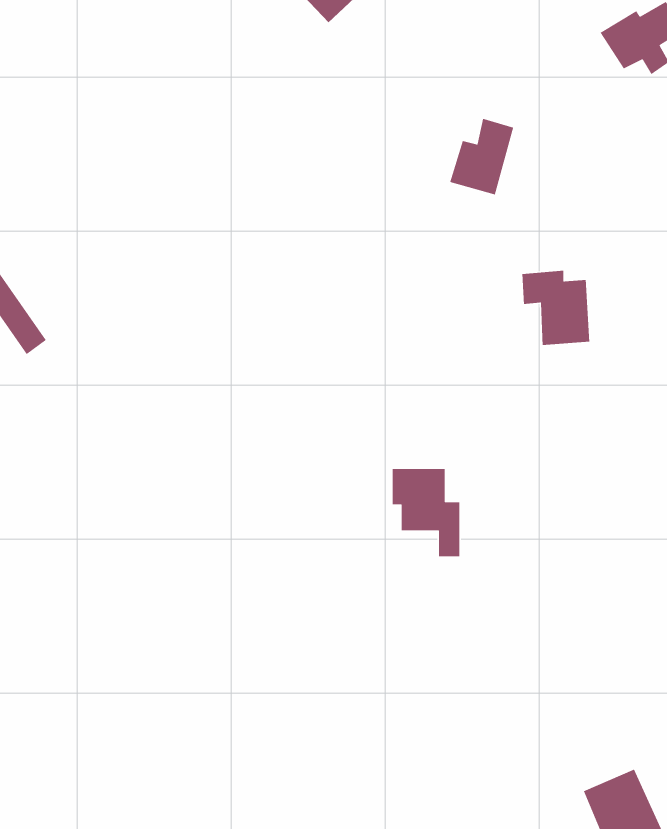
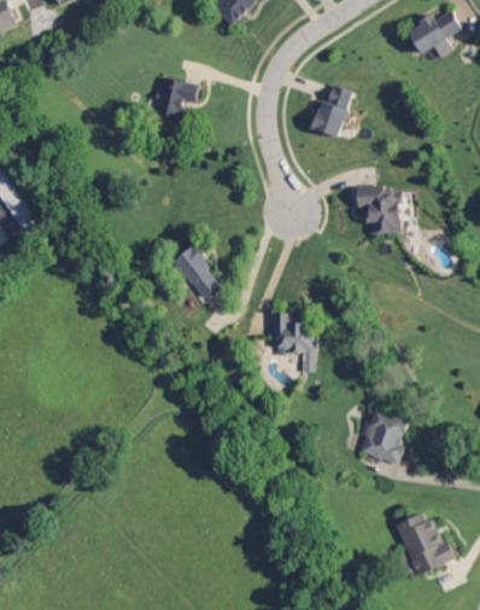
building: none -> [152,76,198,118]
building: none -> [174,244,221,300]
building: none -> [358,409,406,465]

